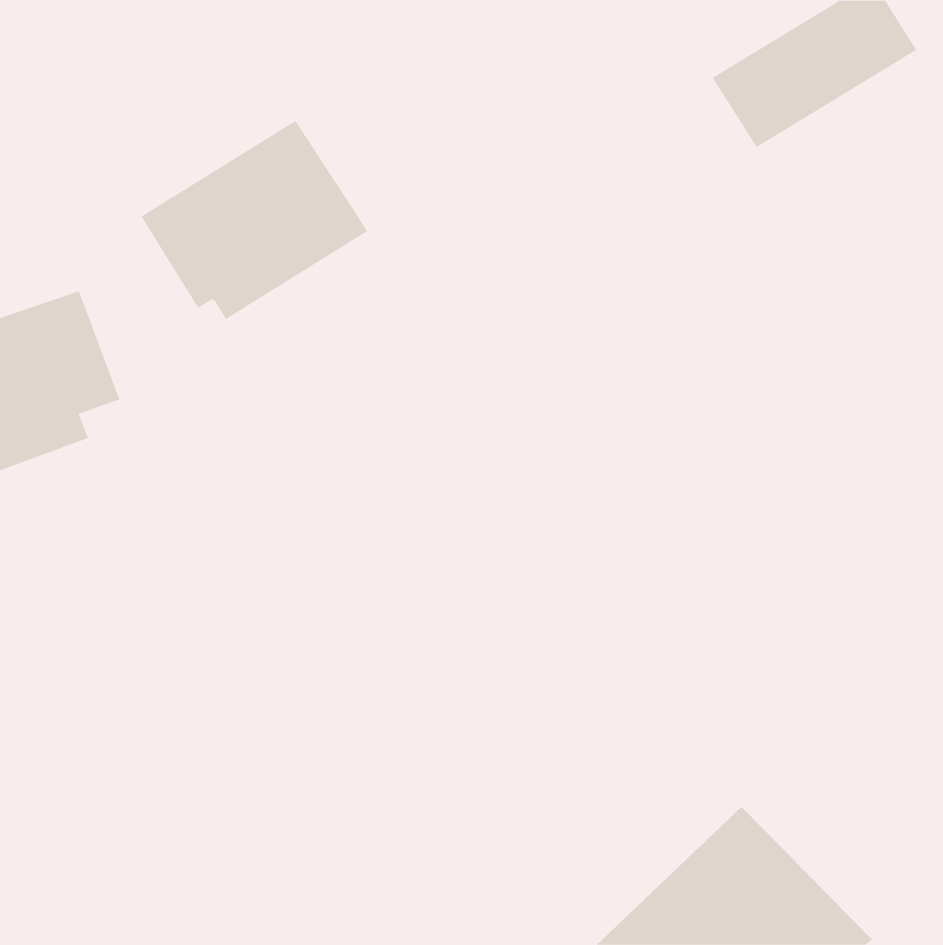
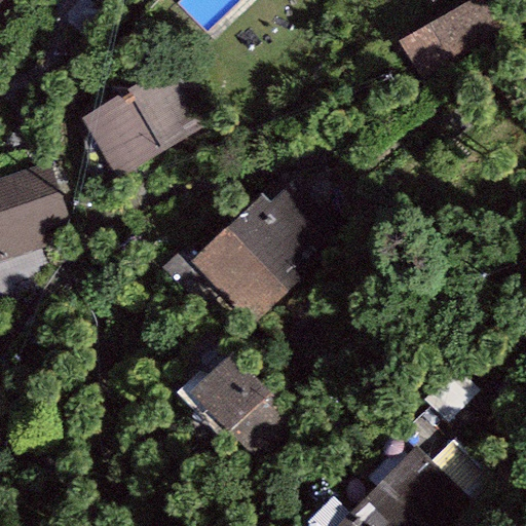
building: none -> [190,183,343,325]
building: none -> [187,355,267,436]

